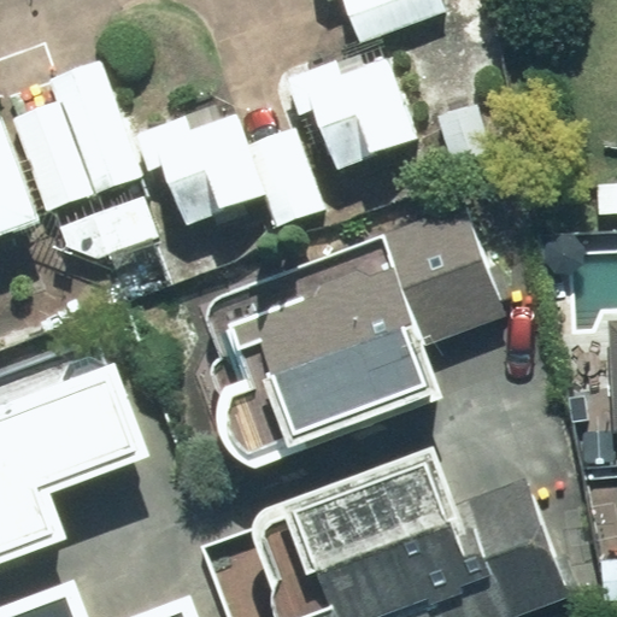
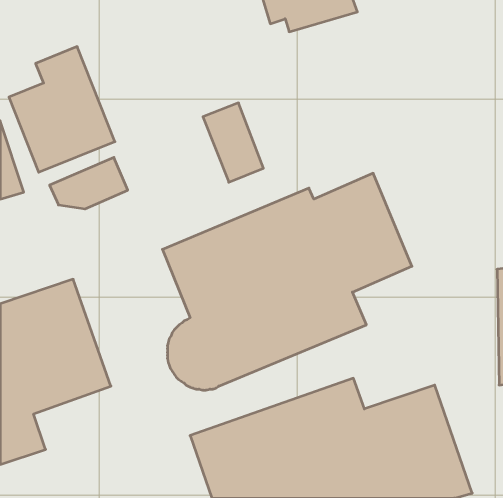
building: [283,47,422,174] -> none
building: [135,112,265,233] -> none

